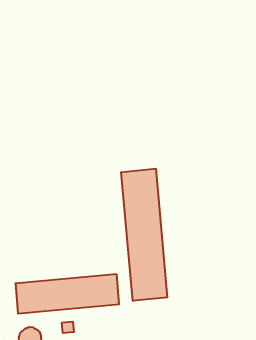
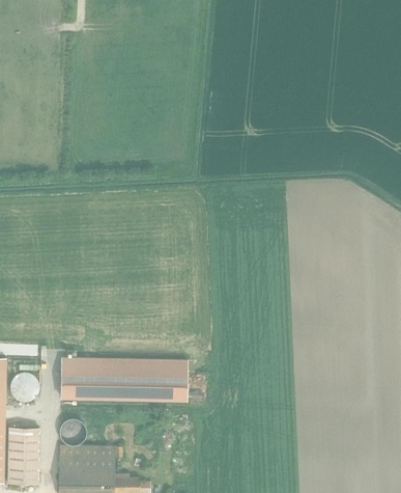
building: [121,169,167,301] -> none

